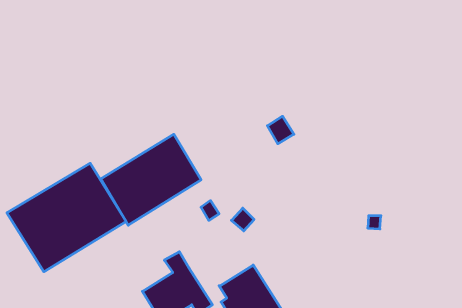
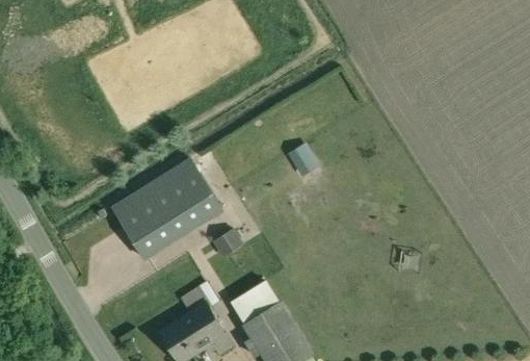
building: [7,163,126,272] -> none
building: none -> [231,282,279,325]

